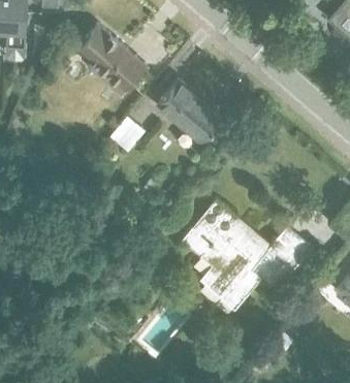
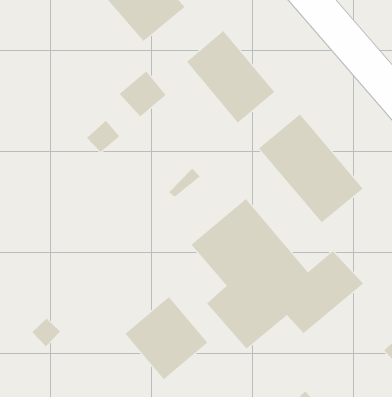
building: none -> [258,114,363,223]
building: none -> [124,296,208,380]

